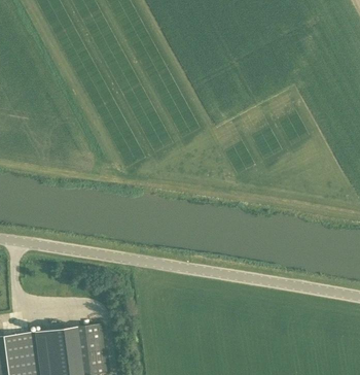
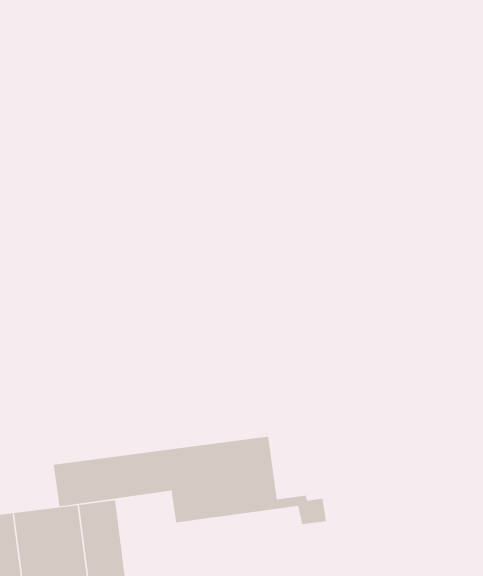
building: none -> [53,436,327,525]

